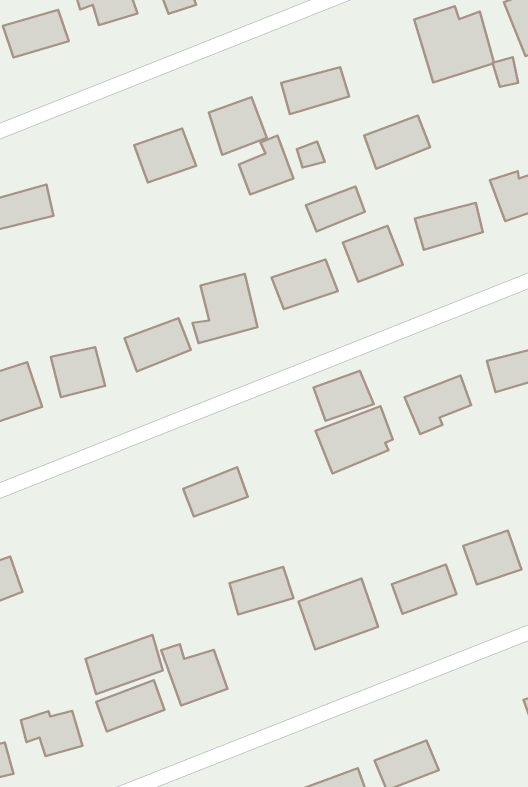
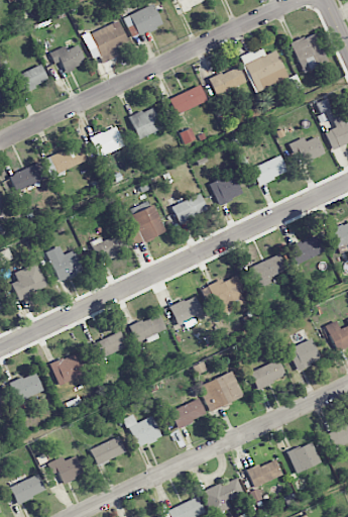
building: [364,116,430,169] -> [209,66,246,97]
building: [239,136,294,195] -> none
building: none -> [43,144,86,177]
building: [306,186,365,232] -> none
building: [313,371,374,421] -> [169,296,204,325]
building: none -> [89,331,127,360]
building: none -> [48,353,83,386]
building: [229,567,294,614] -> [169,399,206,427]
building: [86,635,163,694] -> none
building: none -> [286,441,321,474]

